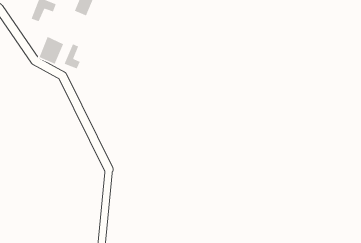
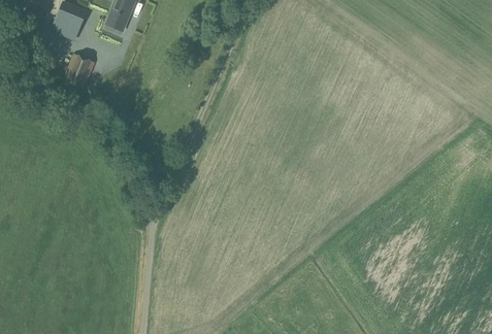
building: [64,43,81,69] -> none

